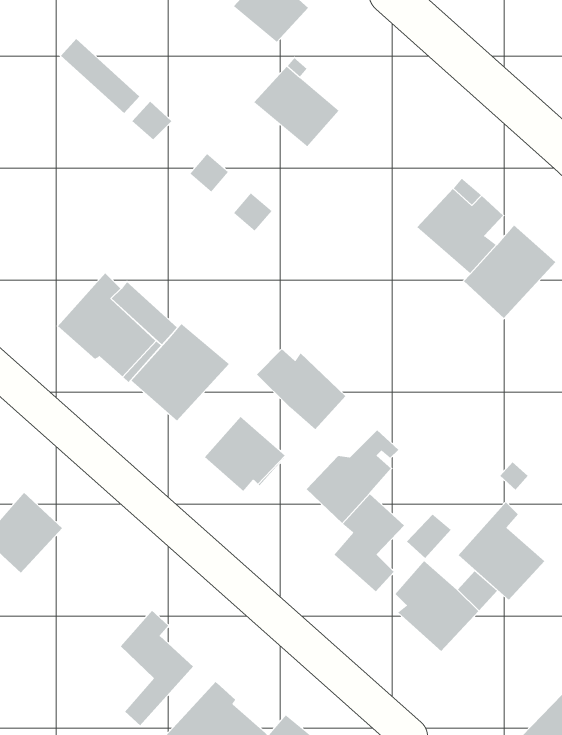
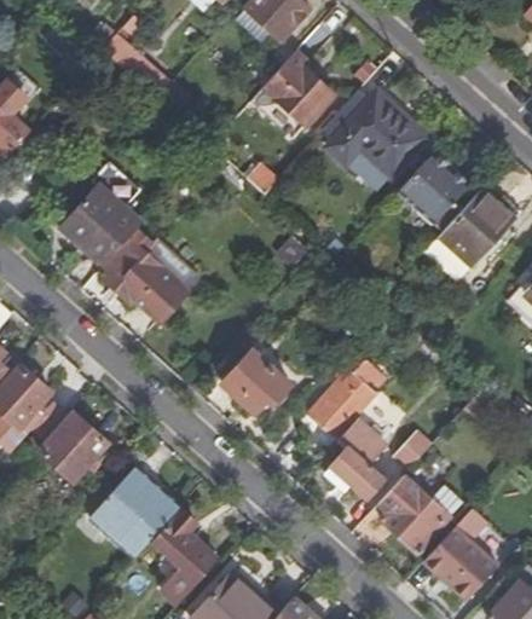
building: none -> [323,91,427,178]
building: none -> [62,185,143,267]
building: [130,323,230,421] -> none
building: [256,349,346,430] -> none
building: [458,502,545,600] -> [423,515,496,597]
building: none -> [85,468,178,563]

